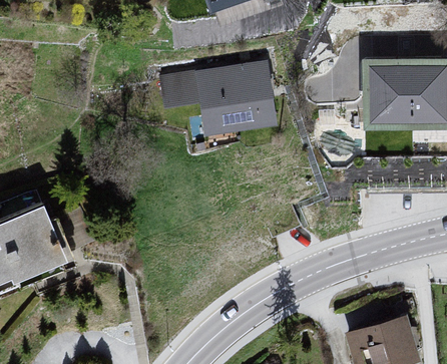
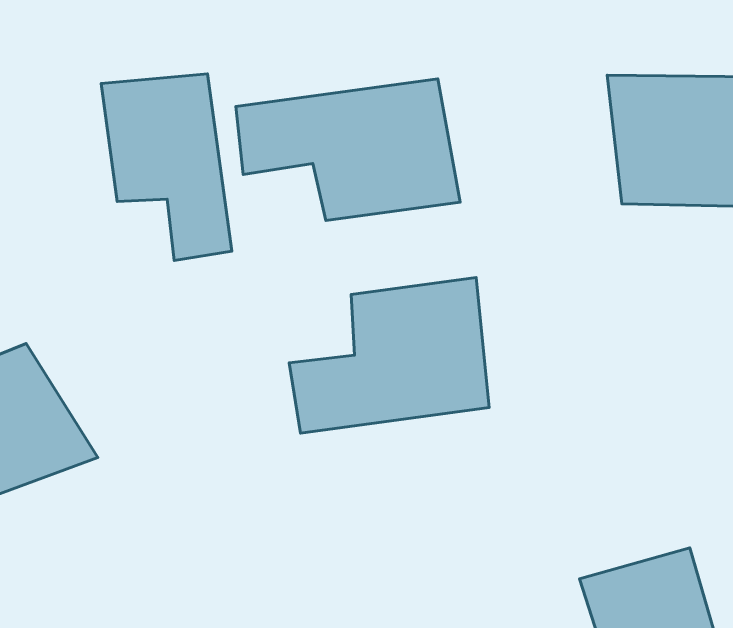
building: none -> [101,74,232,261]
building: none -> [289,277,489,433]

